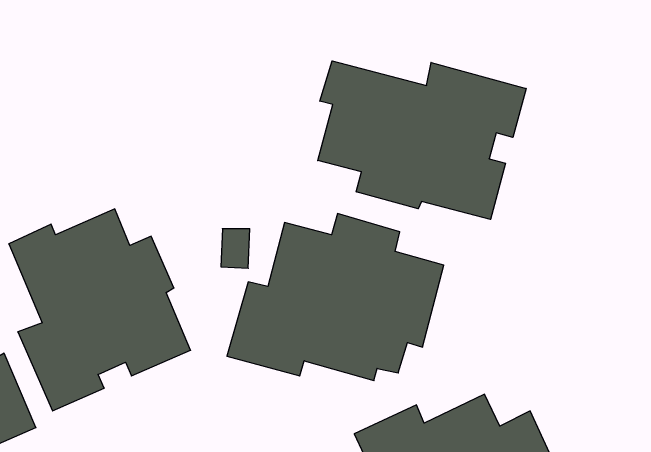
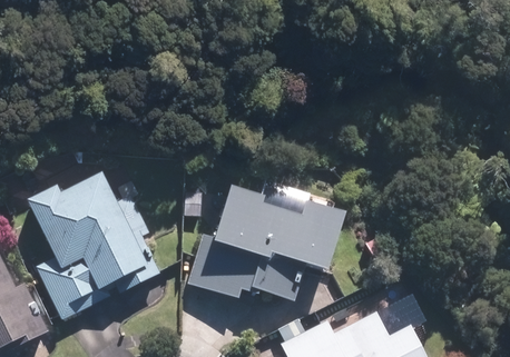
building: [318,61,526,219] -> none

